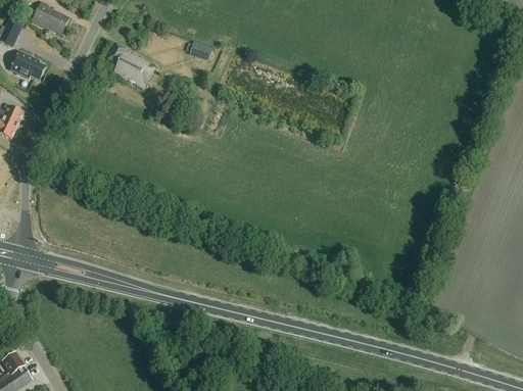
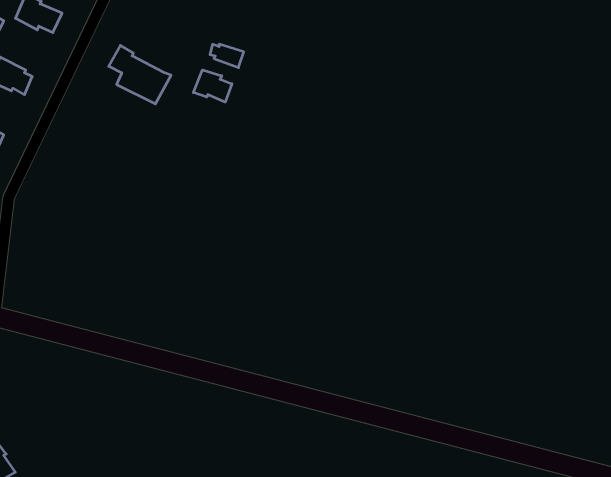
building: none -> [193,70,232,102]

